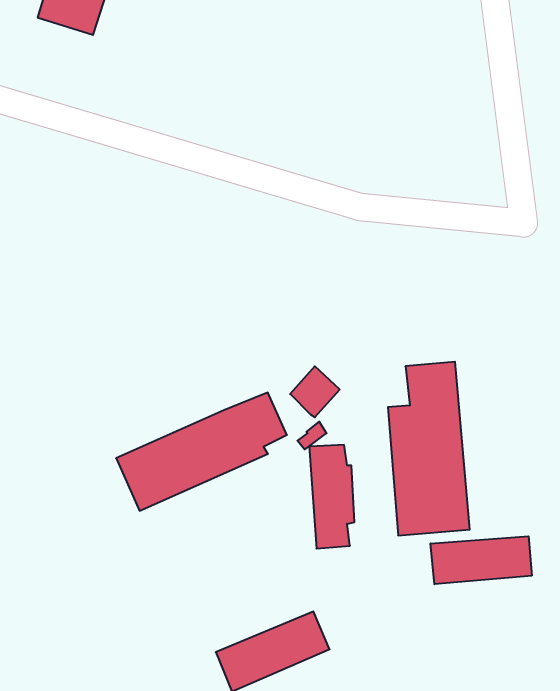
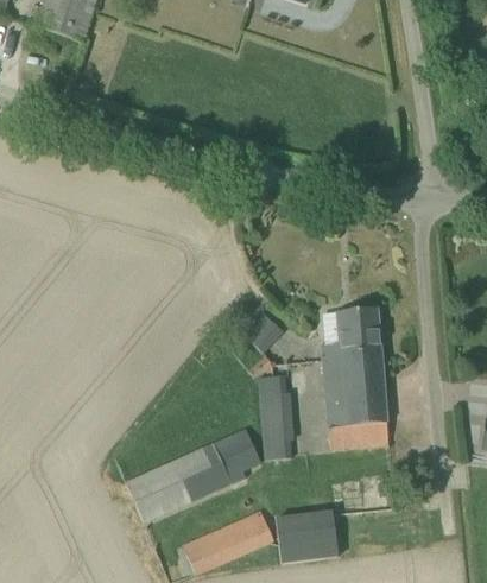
building: [116,393,287,511] -> [124,427,263,524]
building: [431,536,532,584] -> none
building: none -> [276,508,336,564]

